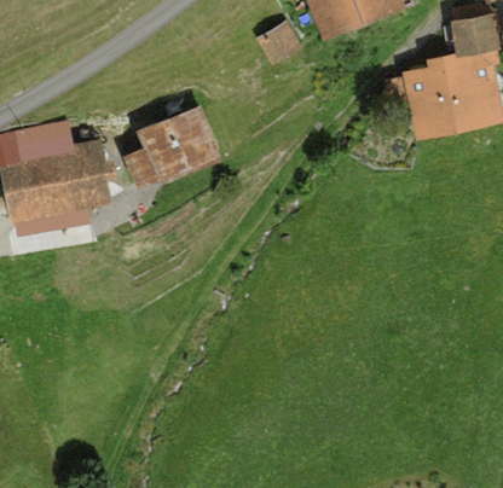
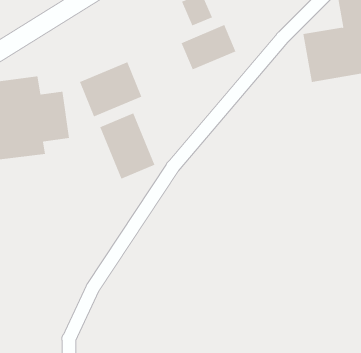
building: none -> [181,24,236,70]
building: none -> [99,112,155,180]

